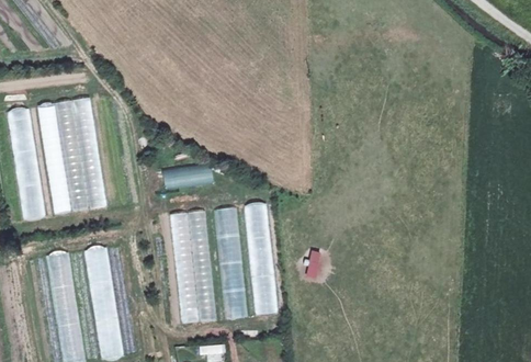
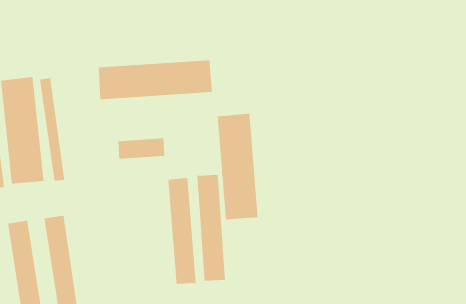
building: none -> [98,59,213,100]
building: [171,210,215,323] -> [217,113,259,220]

